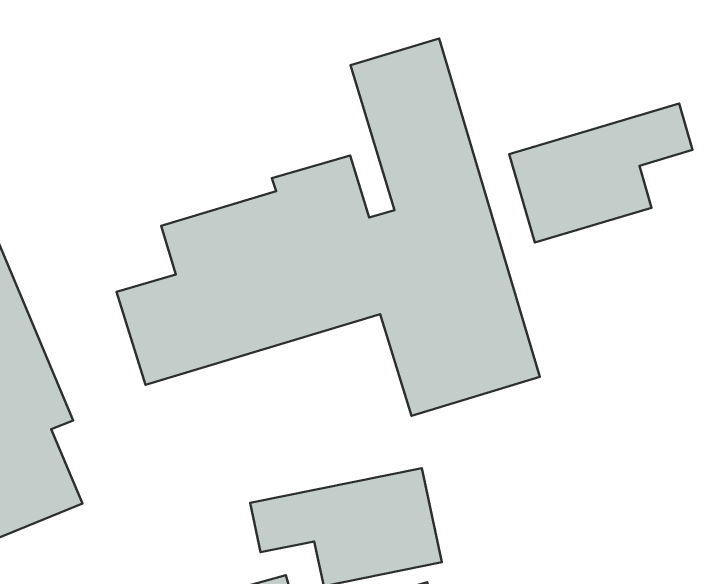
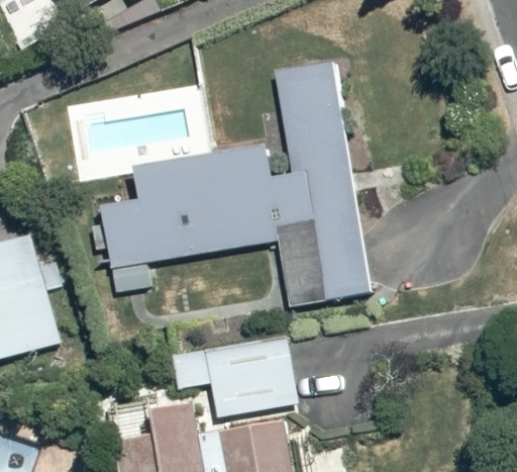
building: [509,103,693,243] -> none

